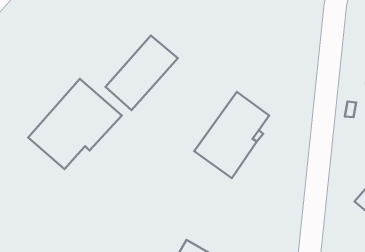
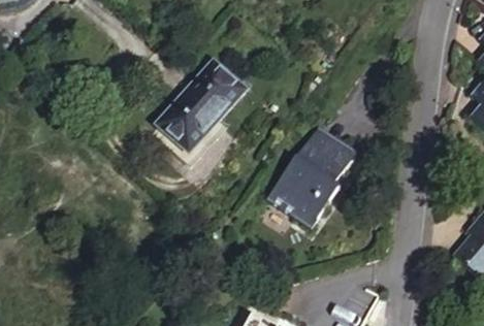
building: [28,79,122,169] -> none

